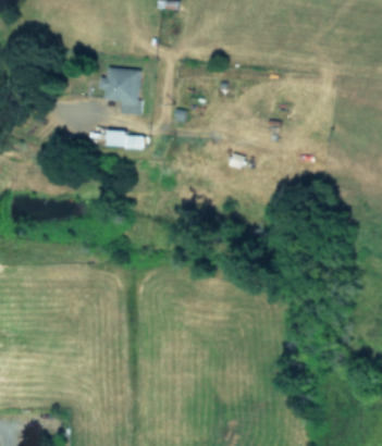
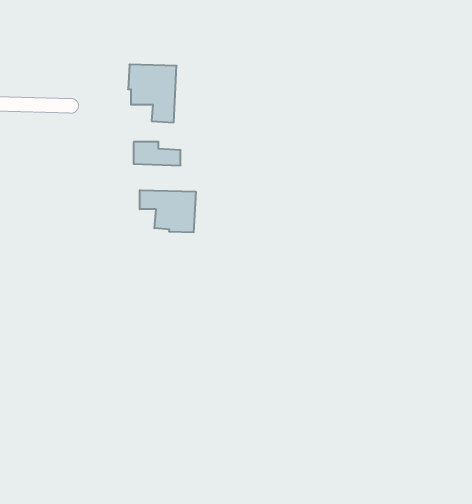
building: none -> [140,190,196,232]

